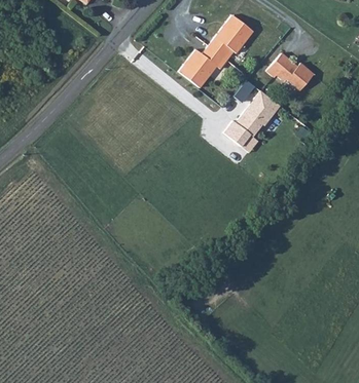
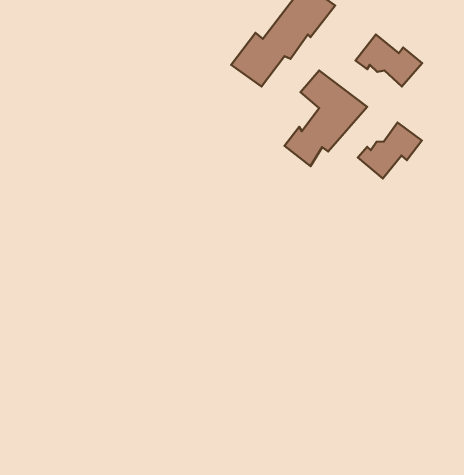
building: none -> [358,122,422,179]

